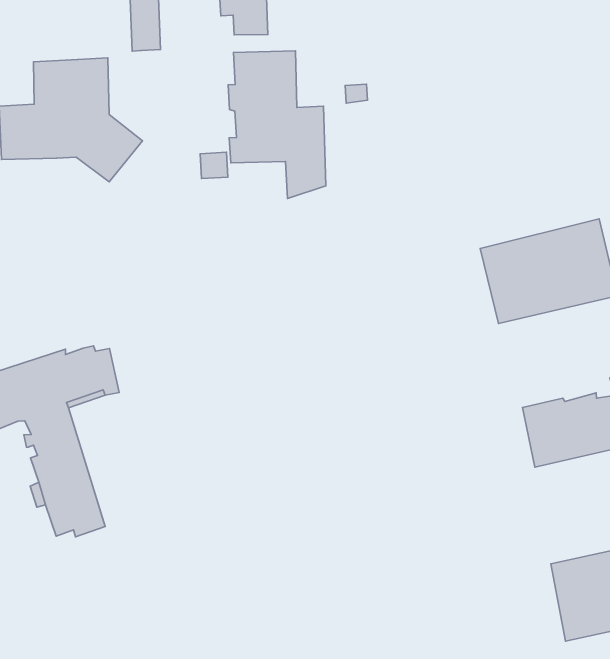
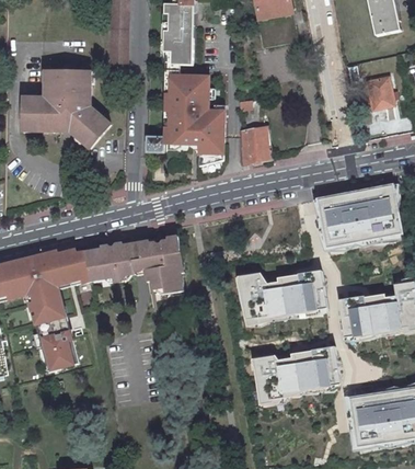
building: none -> [367,73,393,105]
building: none -> [239,122,272,160]
building: none -> [84,236,184,290]
building: none -> [239,271,326,324]
building: none -> [253,346,339,403]

